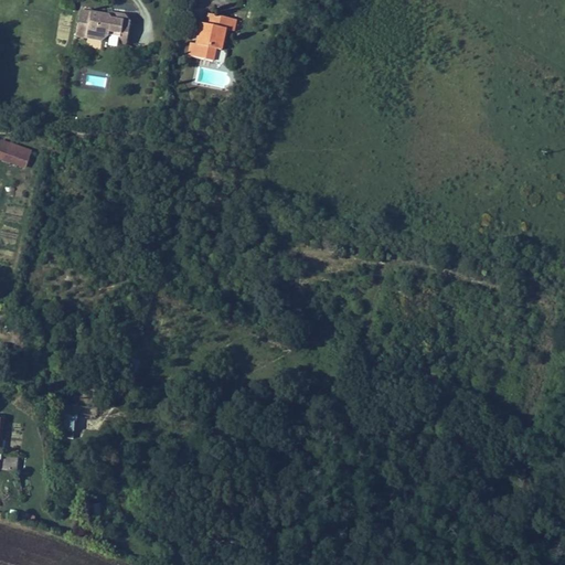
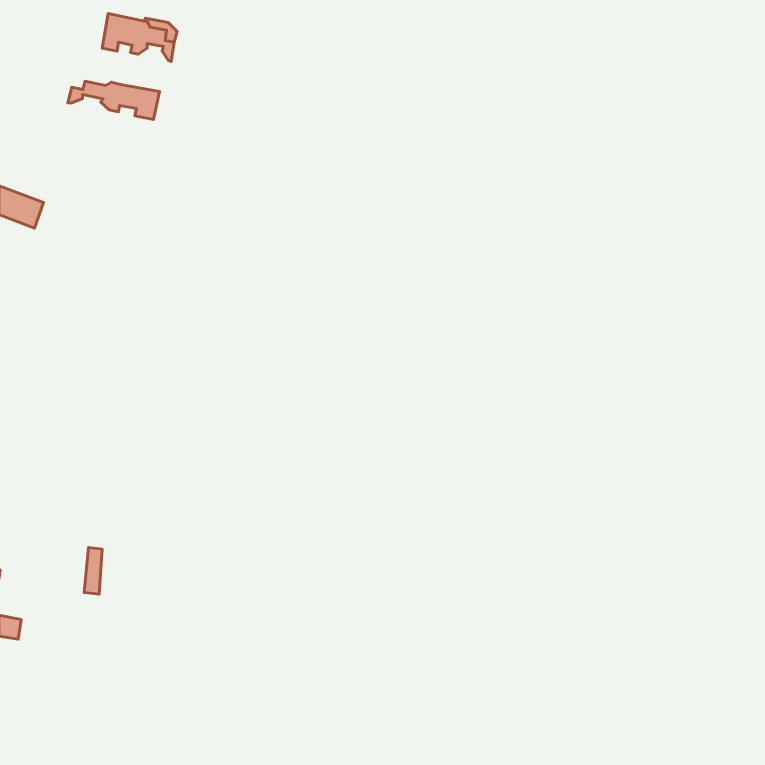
building: [189,13,233,61] -> none
building: none -> [68,81,160,119]

